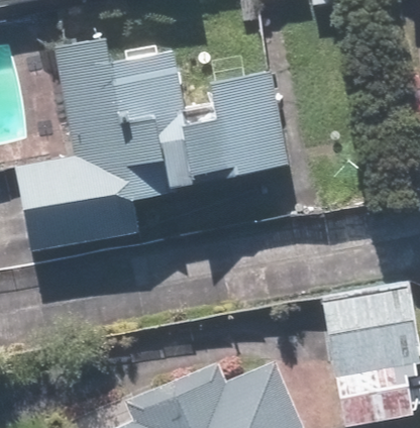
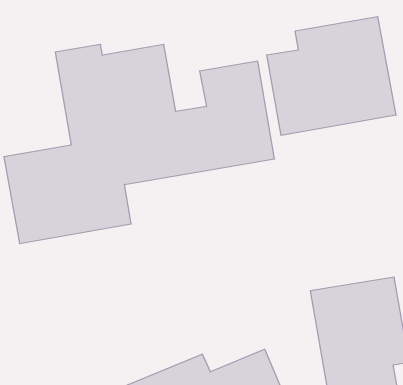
building: none -> [267,16,396,135]

